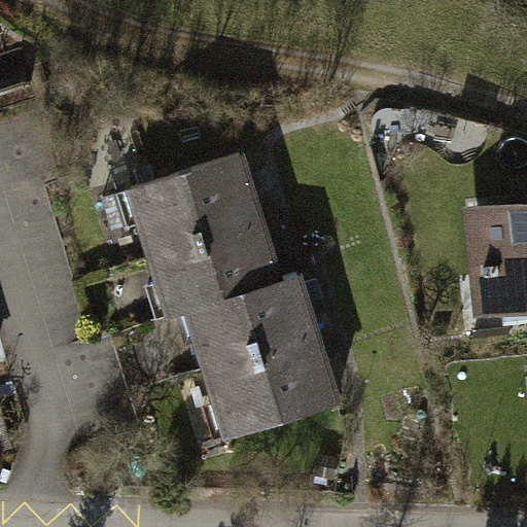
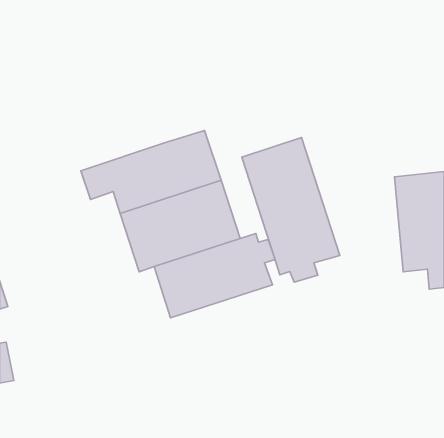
building: none -> [242,138,340,282]
building: [181,337,343,446] -> none

